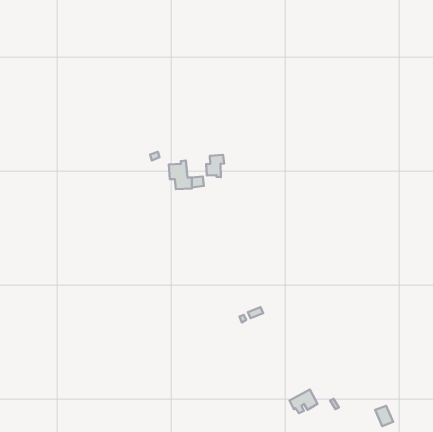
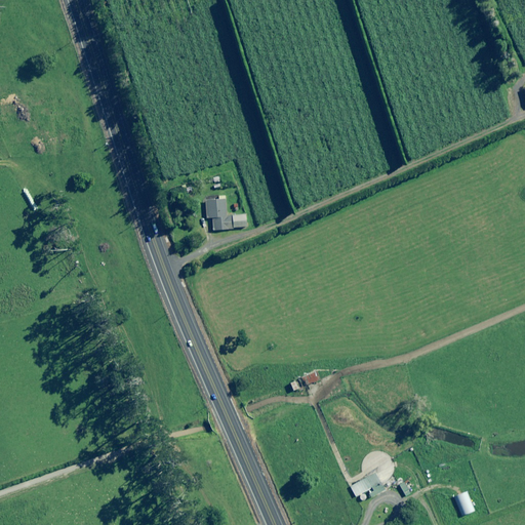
building: [206,155,224,177] -> none

